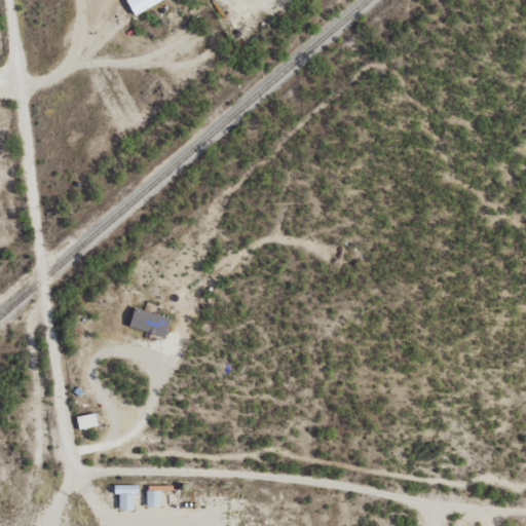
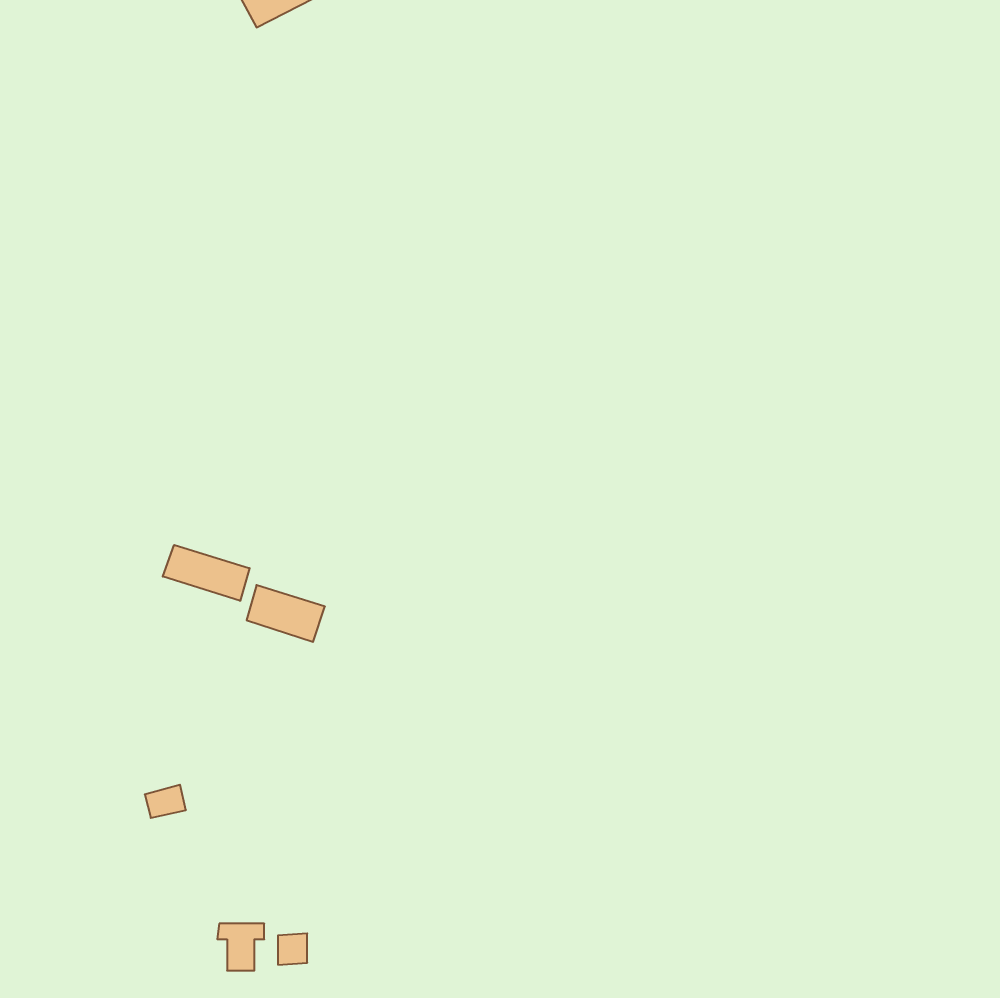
building: none -> [163,545,250,601]

